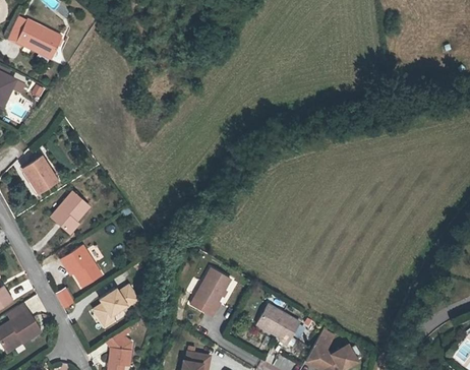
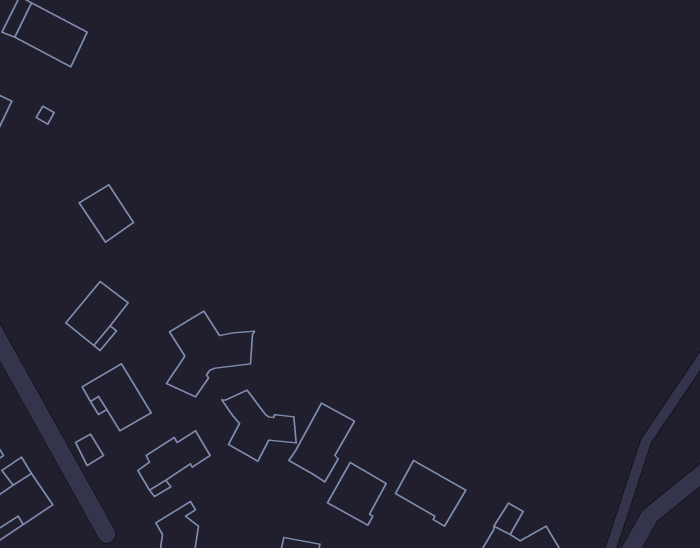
building: [24,159,58,194] -> [79,185,133,242]
building: none -> [166,311,255,397]
building: none -> [222,390,296,461]
building: none -> [327,463,386,525]

